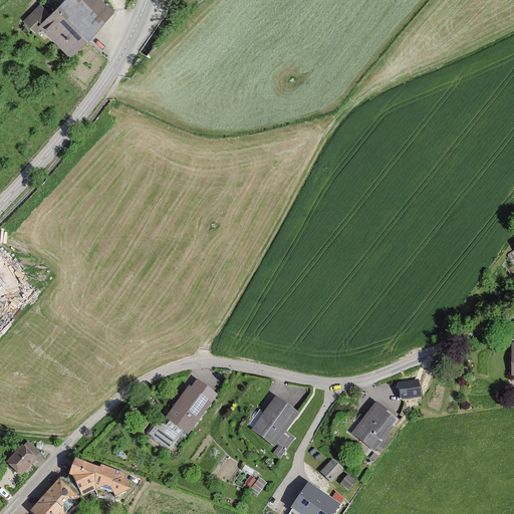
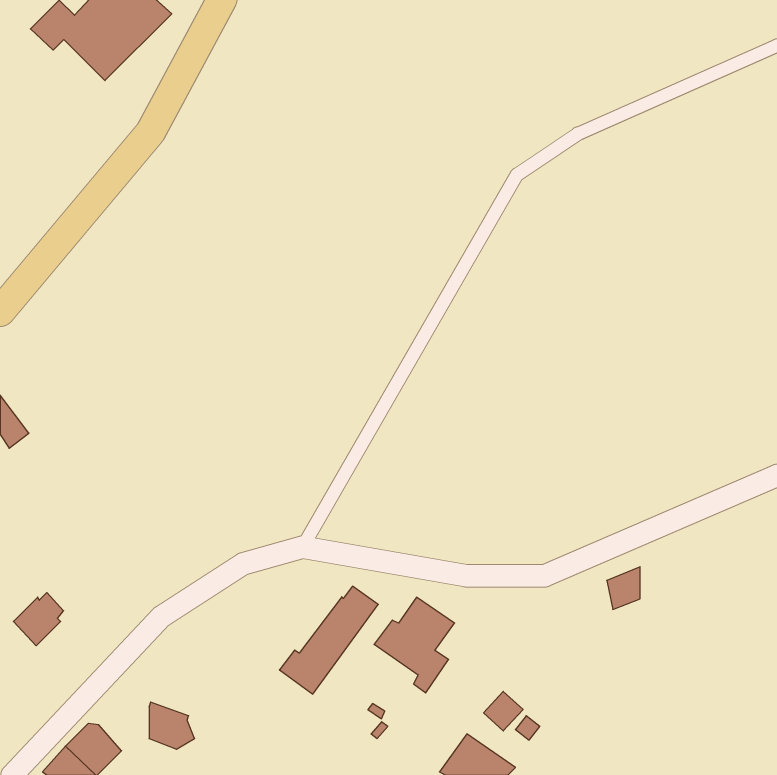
building: [147,378,212,450] -> [279,586,378,694]
building: [350,401,399,455] -> none
building: [5,441,38,476] -> [13,593,64,646]
building: [65,457,98,496] -> none

